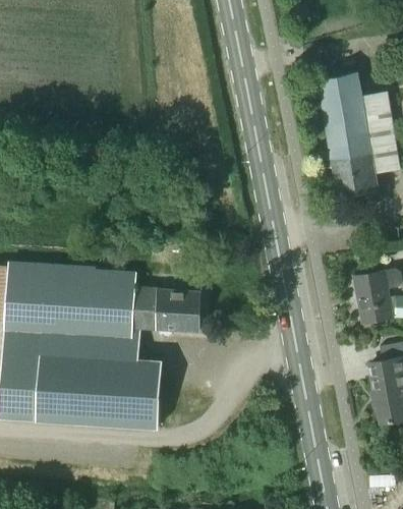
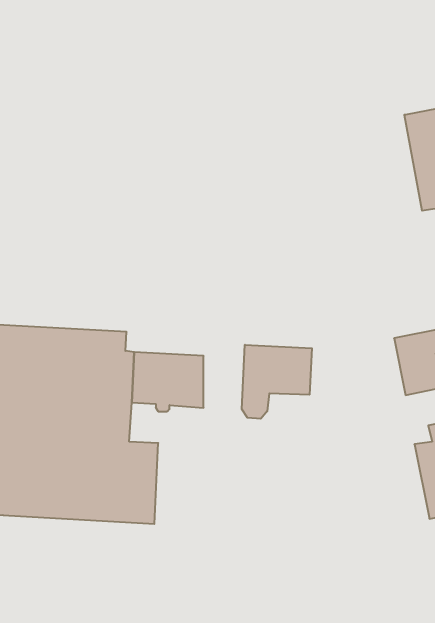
building: [316,73,377,196] -> none
building: none -> [242,345,312,419]

